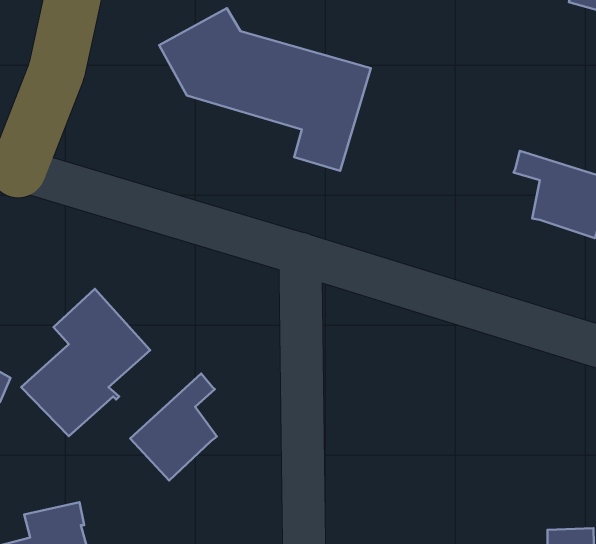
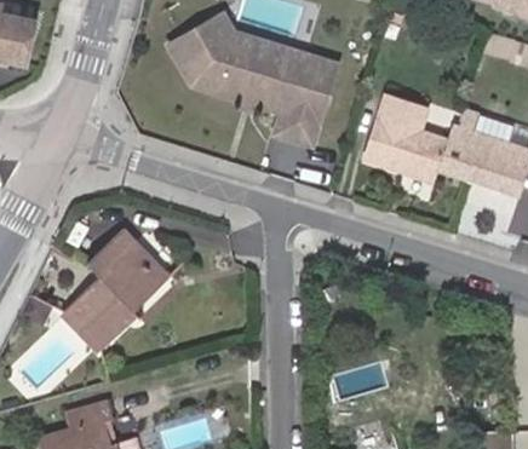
building: none -> [365,97,470,182]
building: [130,373,217,481] -> none

